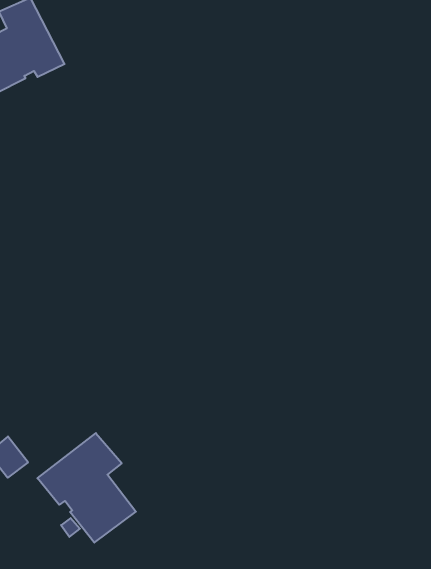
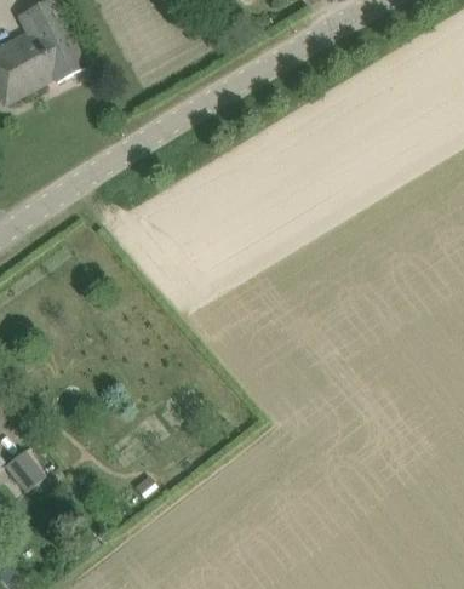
building: [37,433,136,543] -> none

